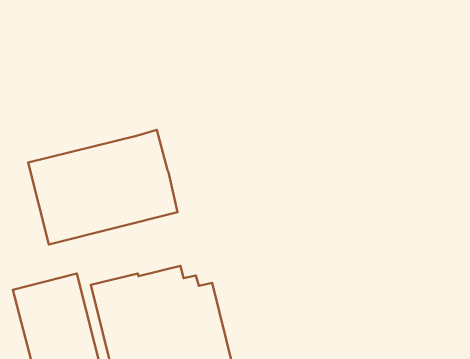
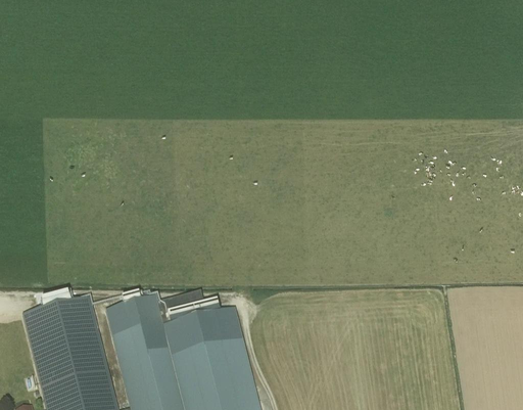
building: [28,130,178,244] -> none

